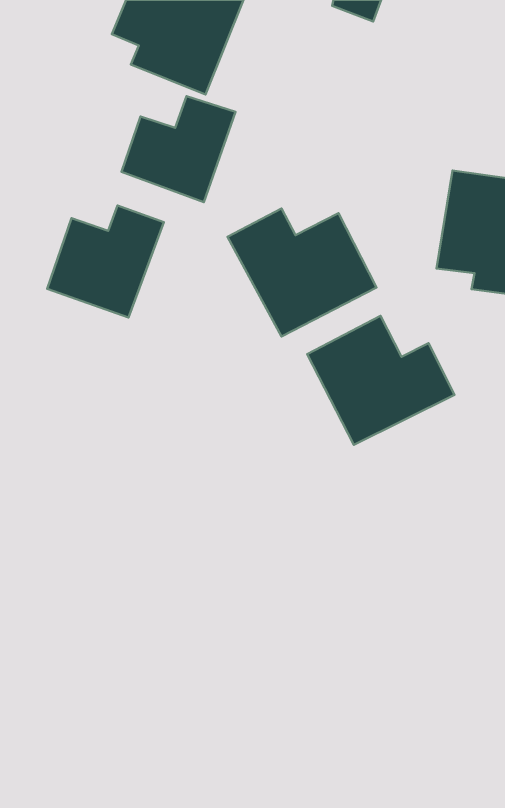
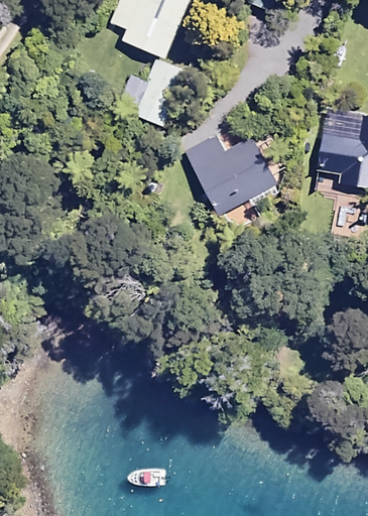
building: [47,205,164,317] -> none
building: [307,316,455,445] -> none

